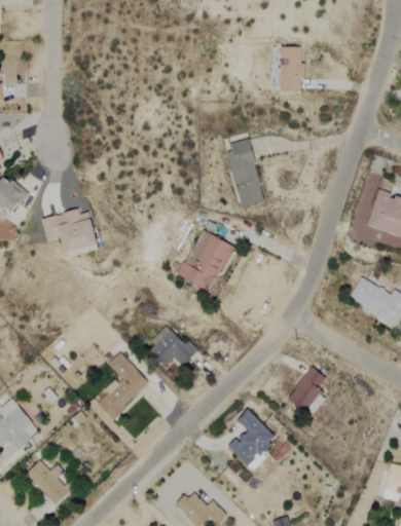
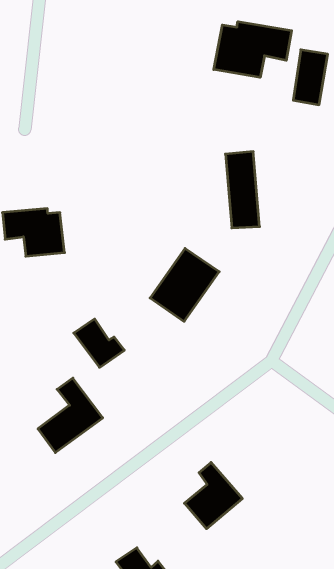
building: none -> [214,22,292,77]
building: [153,328,198,369] -> [74,319,124,367]
building: [288,366,326,415] -> none

